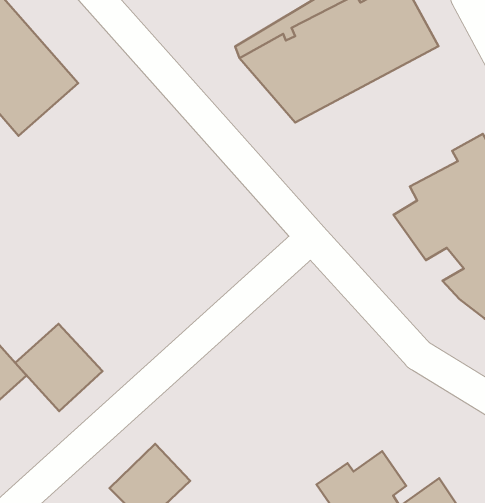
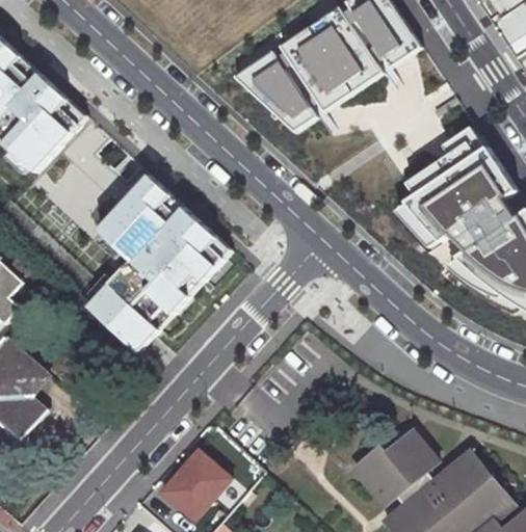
building: none -> [93,175,234,350]
building: [15,324,103,411] -> none

